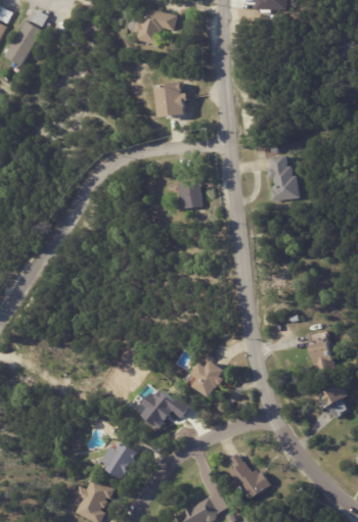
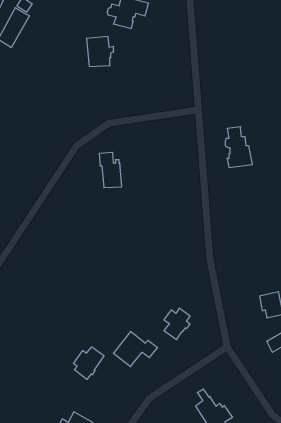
building: [161,80,191,113] -> [86,37,114,66]
building: [177,167,203,206] -> [99,152,122,188]
building: [104,441,139,478] -> [73,347,104,379]

